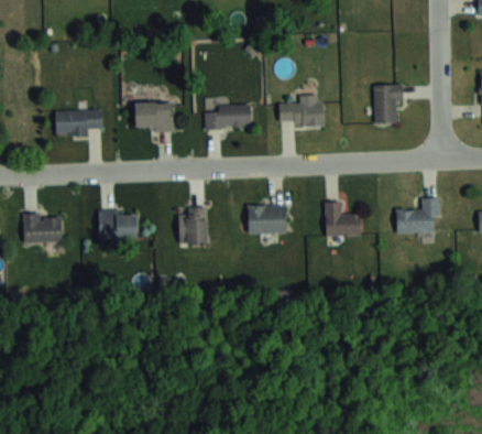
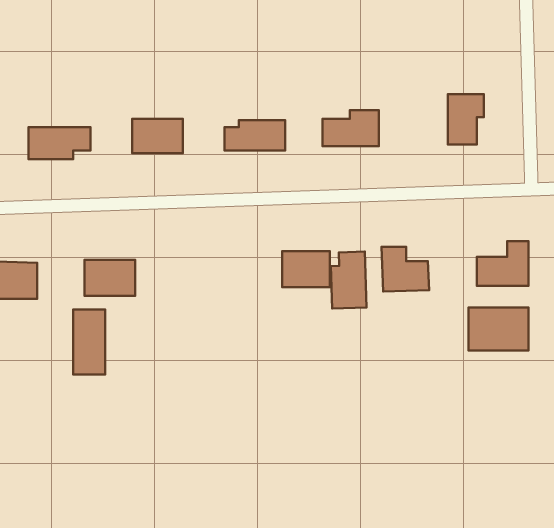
building: none -> [331,252,367,309]
building: [178,210,207,243] -> none
building: none -> [468,308,528,351]
building: none -> [73,309,105,374]

